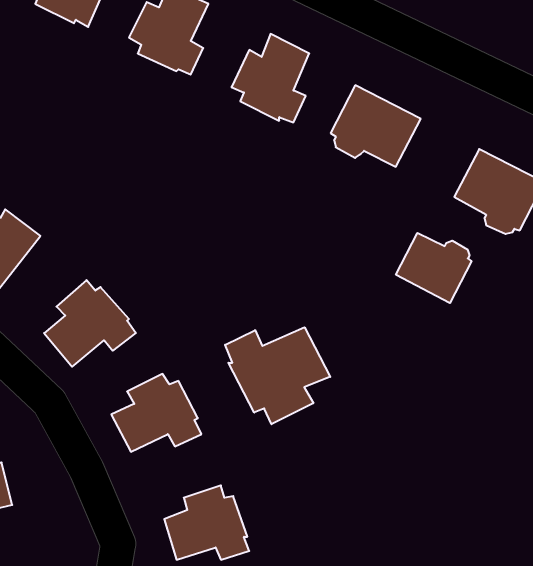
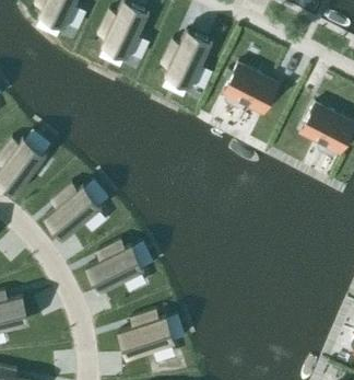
building: [396,233,472,303] -> none
building: [225,327,330,424] -> none

